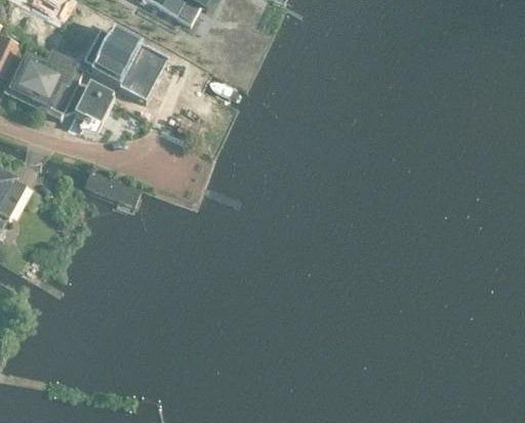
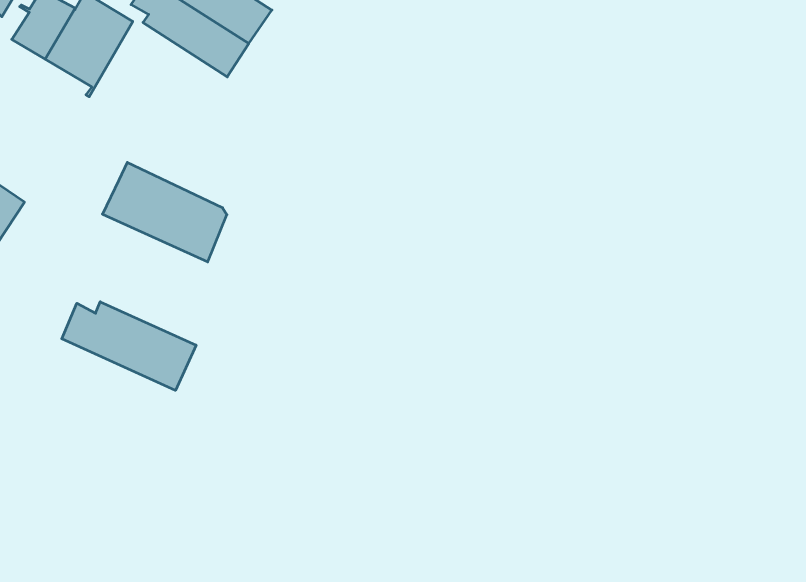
building: [73,84,112,121] -> none
building: none -> [62,302,196,390]

